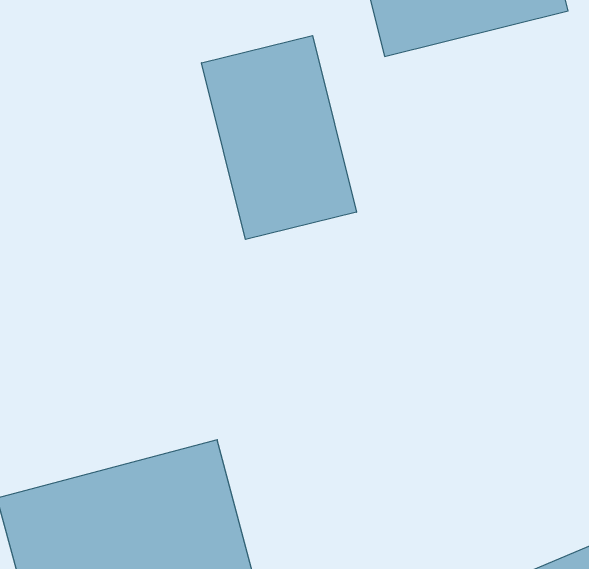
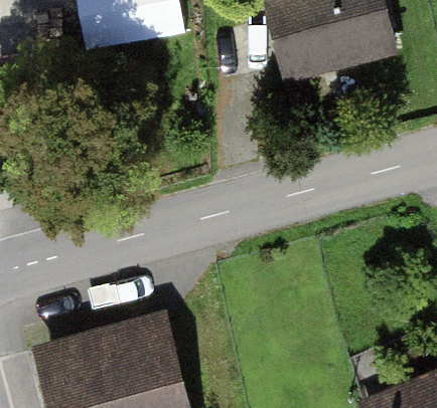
building: [202,36,356,239] -> none

